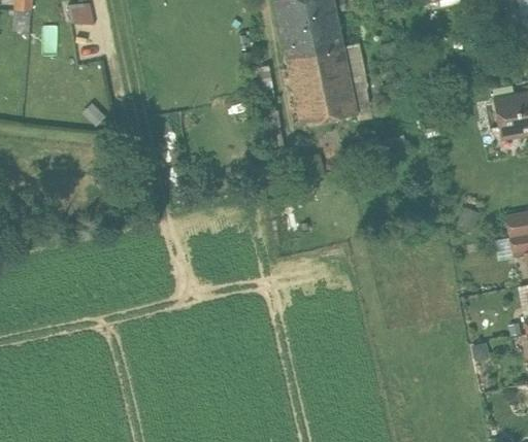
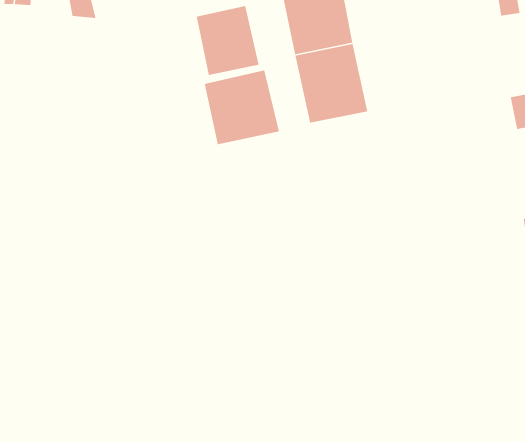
building: none -> [196,5,259,76]
building: none -> [204,69,280,145]

